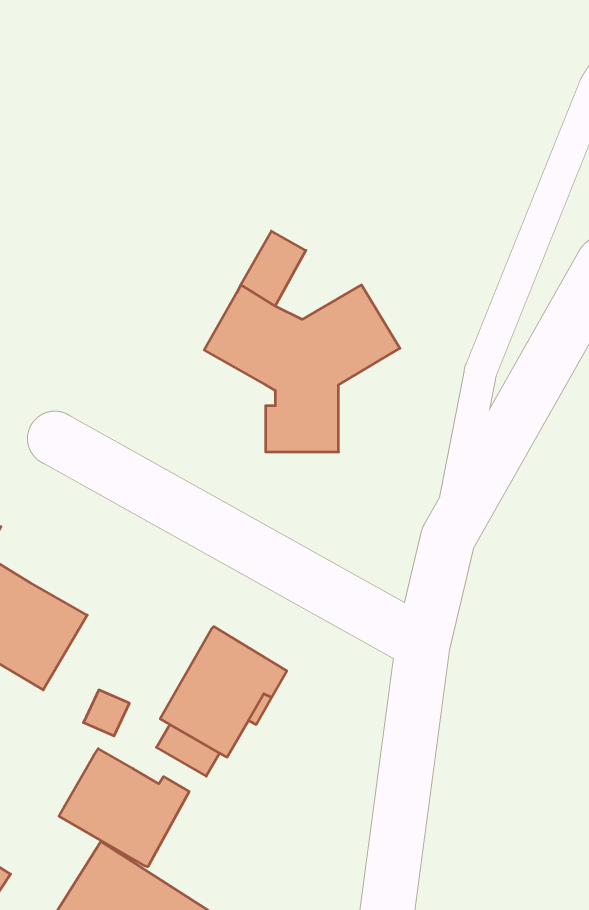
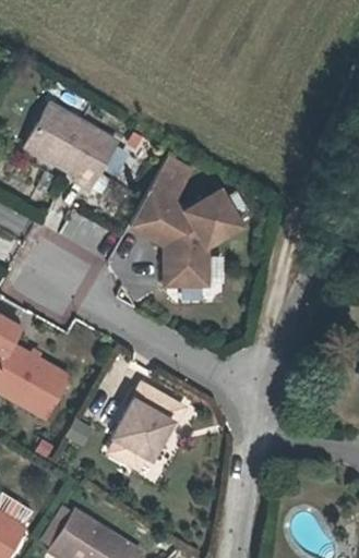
building: none -> [25,104,118,190]
building: [59,749,189,867] -> none

